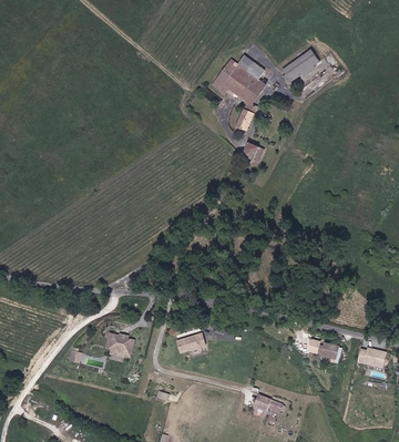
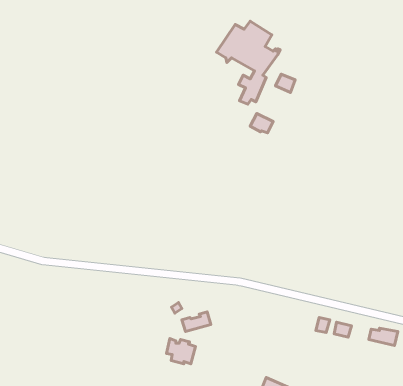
building: [283,50,320,85] -> none
building: [106,332,134,357] -> [166,338,195,364]

